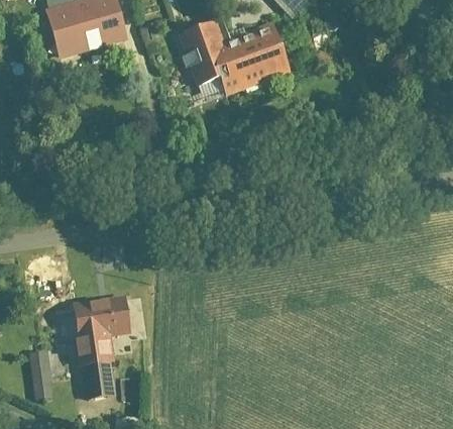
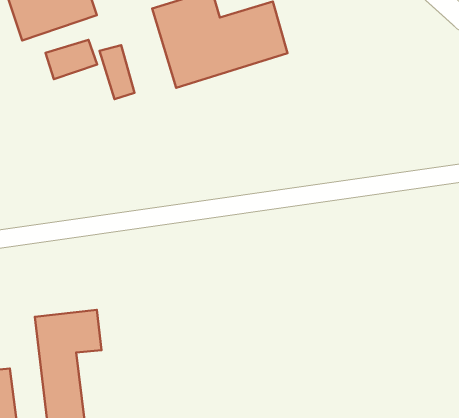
building: none -> [45,40,97,79]
building: none -> [100,45,135,99]

